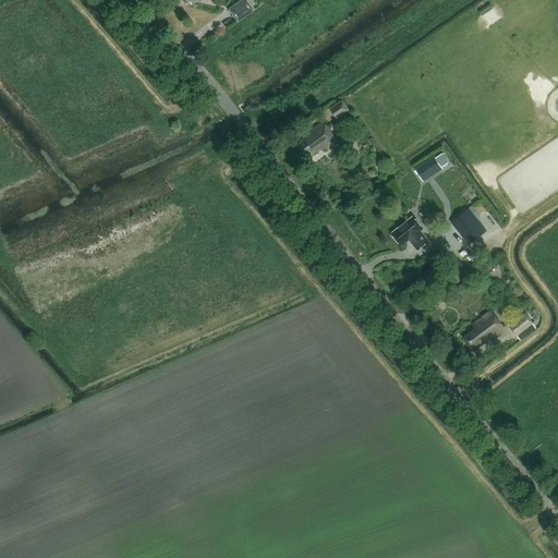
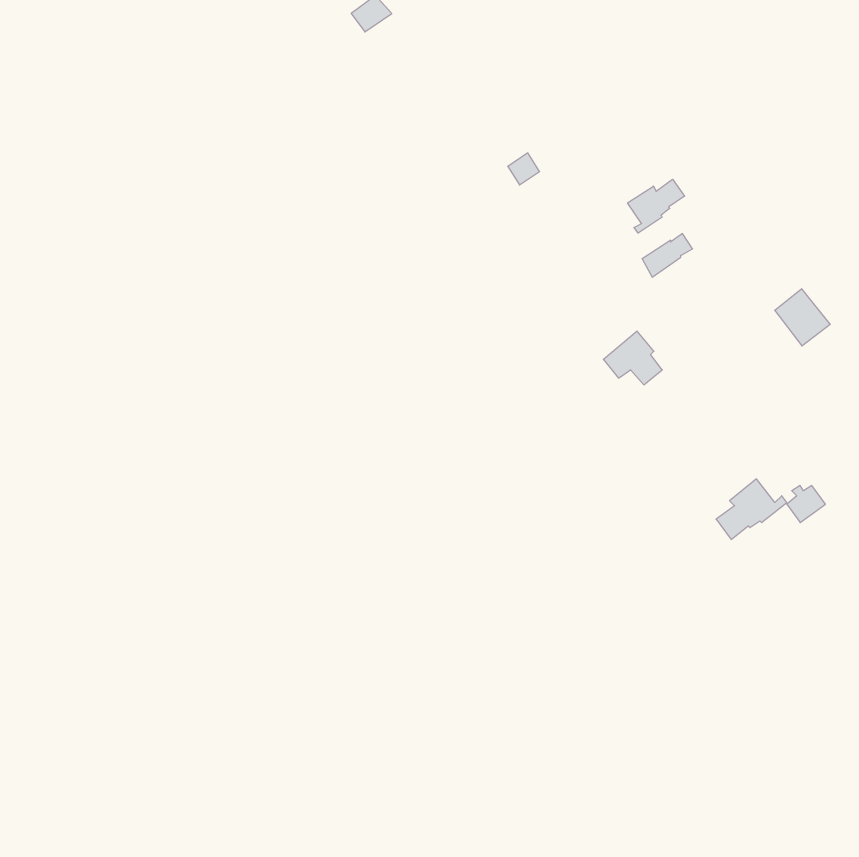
building: none -> [628,179,685,233]
building: [301,120,337,155] -> none
building: [451,207,487,244] -> [775,289,830,346]

